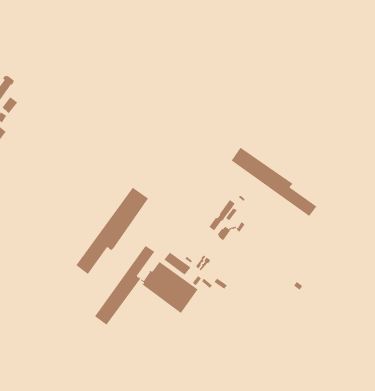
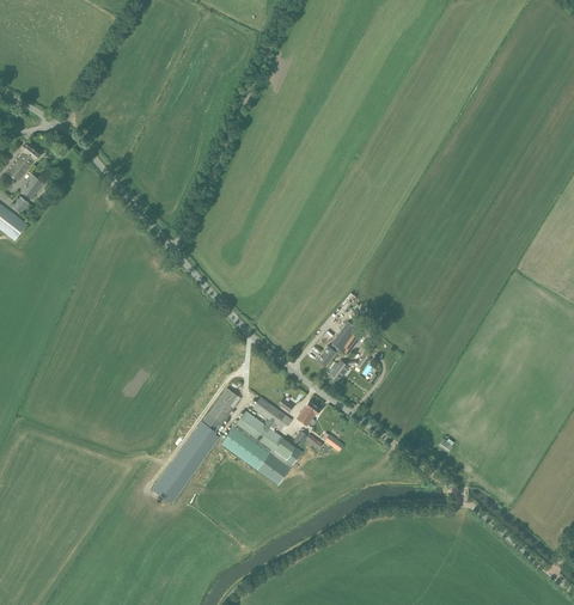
building: [231,147,317,217] -> none
building: [76,187,149,275] -> none

